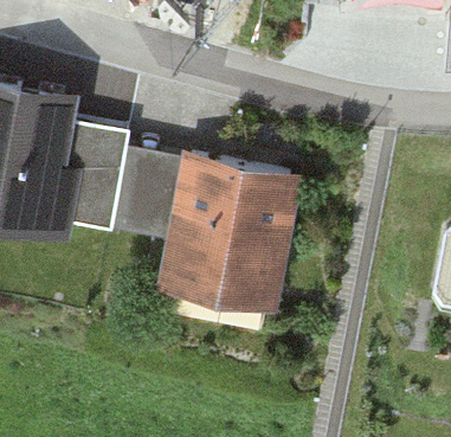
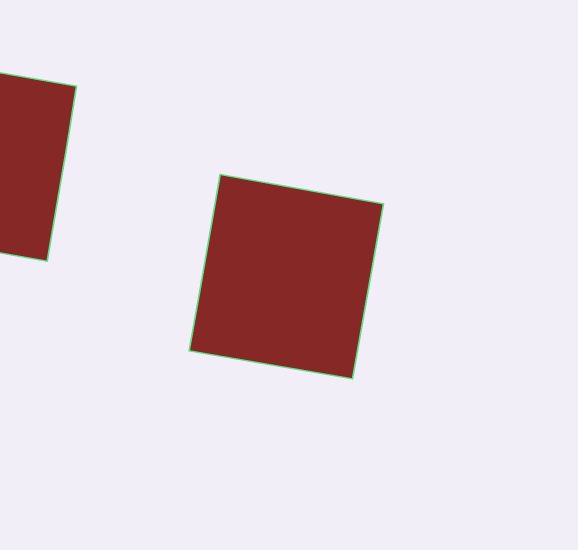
building: [59,140,185,240] -> none

